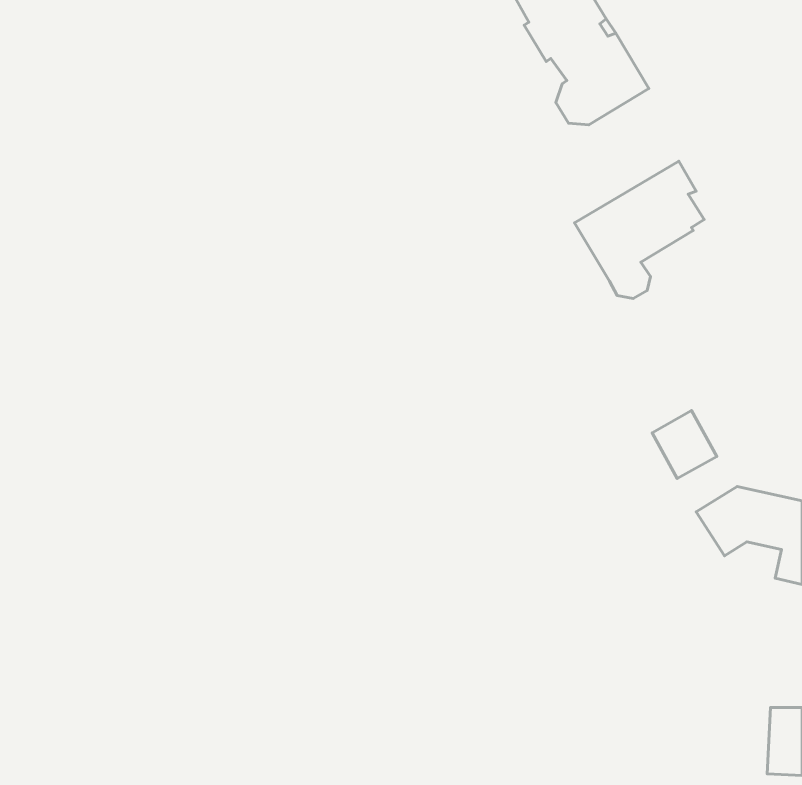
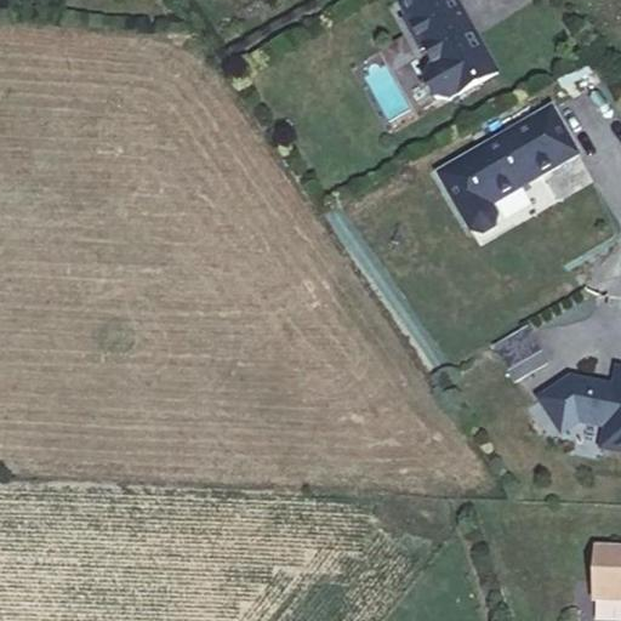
building: none -> [522,104,580,171]

